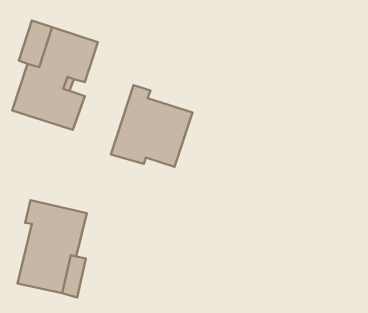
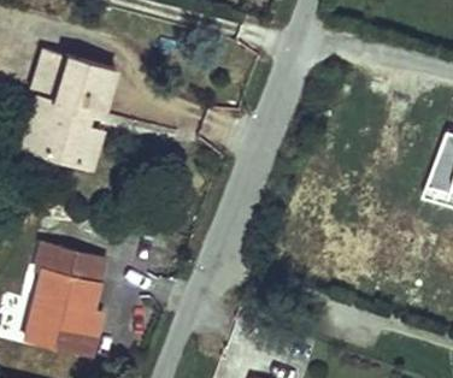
building: [111,85,192,167] -> none

